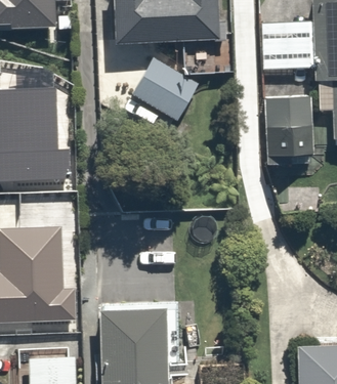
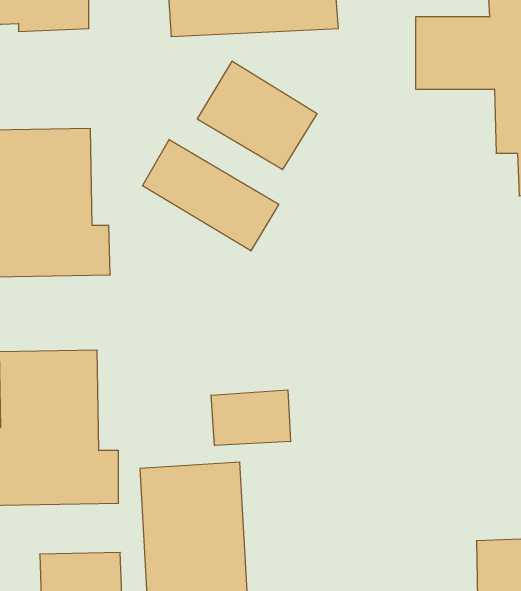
building: [258,91,309,158] -> none
building: none -> [143,139,279,251]
building: none -> [211,390,291,446]

